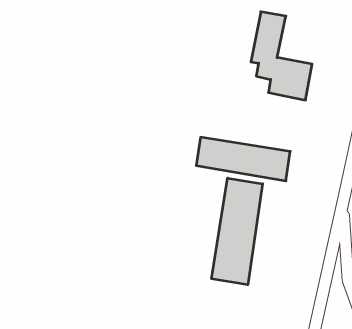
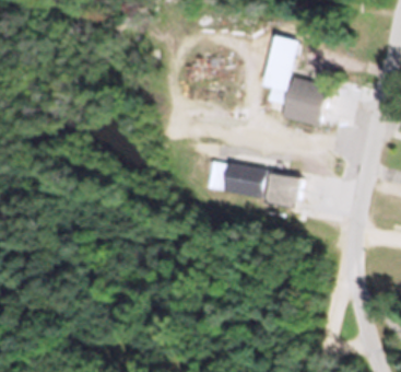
building: [212,178,263,285] -> none

